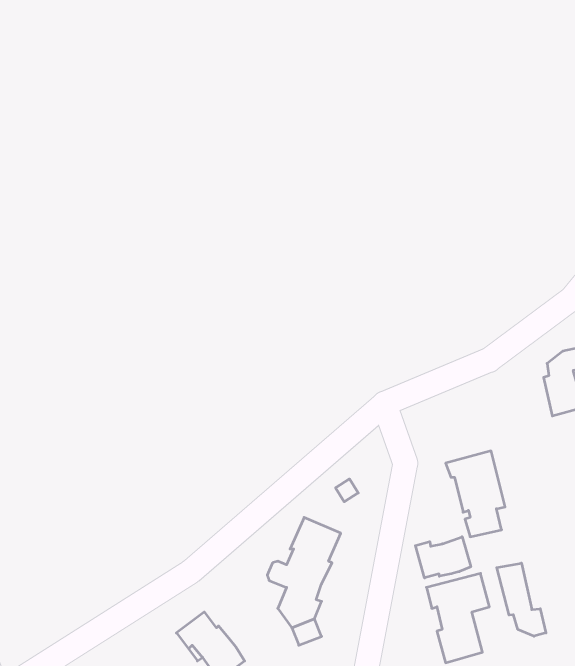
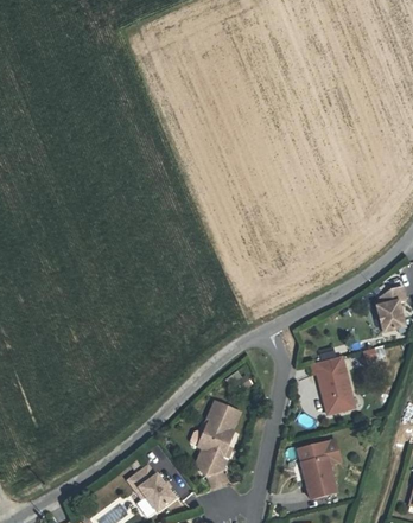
building: [415,537,471,578] -> none
building: [497,563,546,636] -> none

